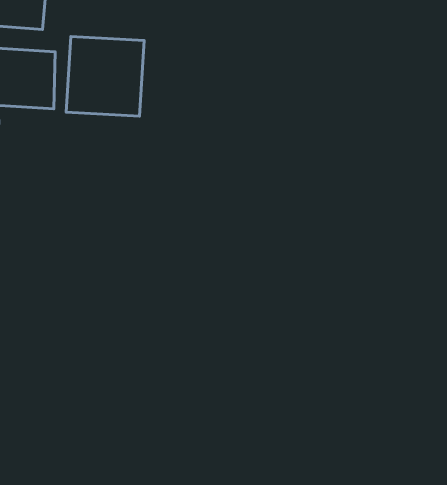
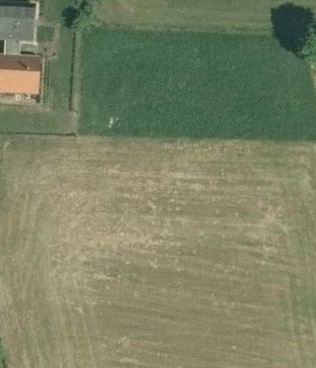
building: [66,36,144,116] -> none

